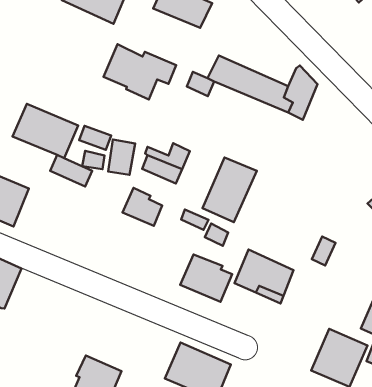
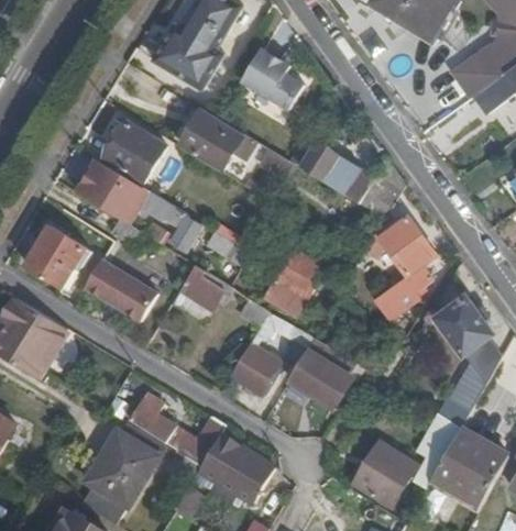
building: none -> [103,122,164,184]
building: none -> [373,220,435,320]
building: none -> [83,259,157,322]
building: none -> [129,395,222,464]

